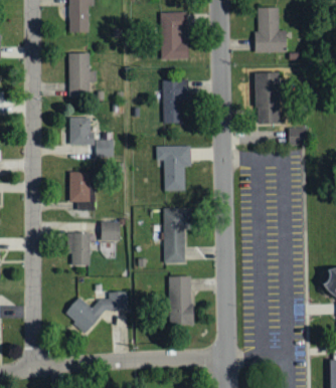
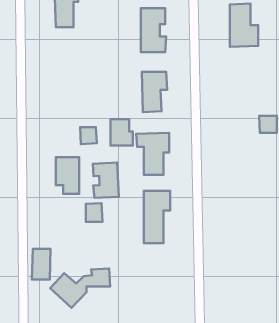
building: [69,53,97,98] -> none
building: [257,73,280,124] -> none
building: [70,118,95,146] -> [110,119,133,145]
building: none -> [93,163,119,198]
building: [70,233,91,266] -> [32,249,51,280]
building: [169,276,193,326] -> none

